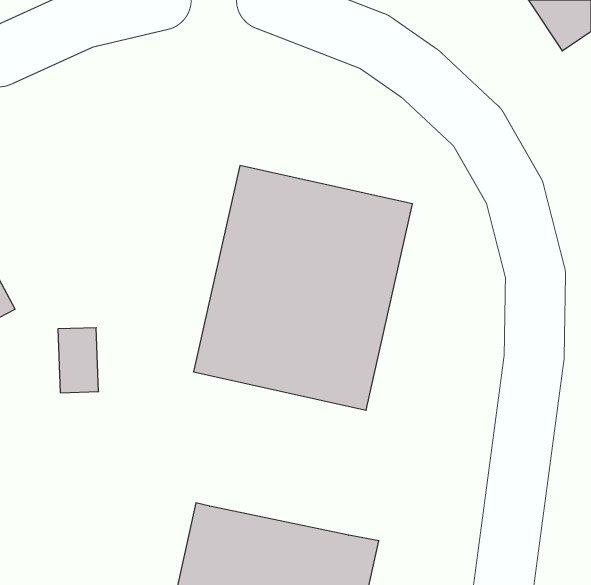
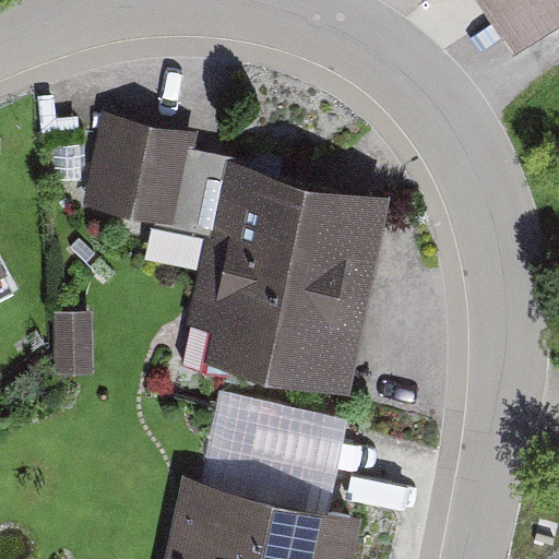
building: none -> [85,114,197,233]
building: none -> [198,396,347,511]

